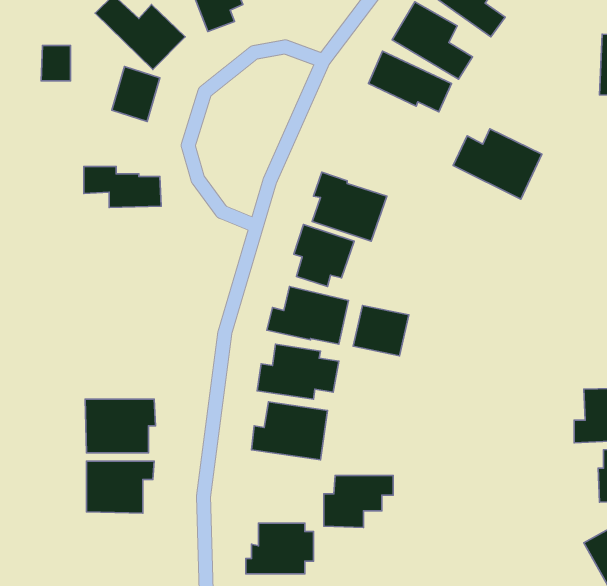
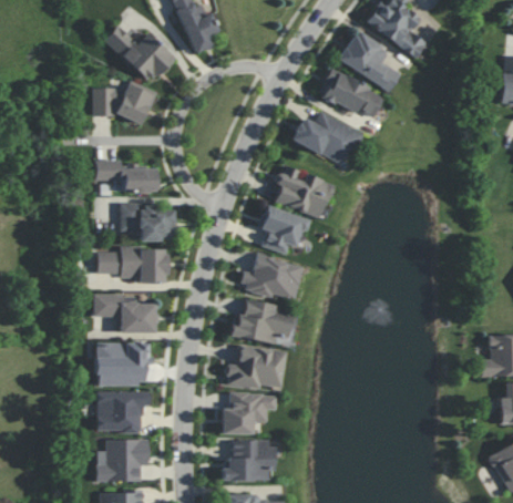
building: [41,46,71,81] -> [93,88,116,115]
building: [453,129,542,199] -> [291,111,361,166]
building: none -> [120,205,175,239]
building: none -> [99,247,167,281]
building: [353,305,409,356] -> none
building: none -> [94,295,156,332]
building: [324,475,393,528] -> [223,393,277,434]
building: none -> [98,438,148,482]

